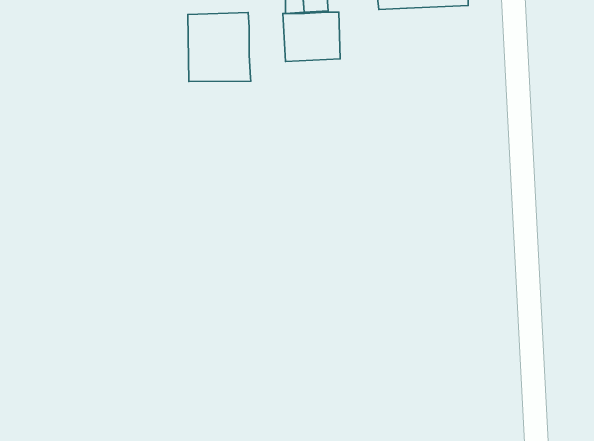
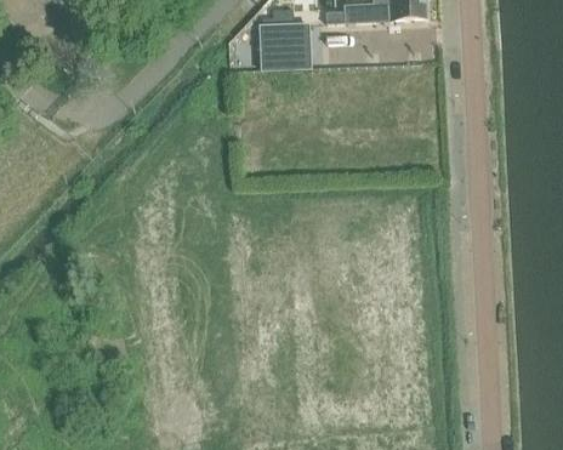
building: [188,13,251,82] -> none

